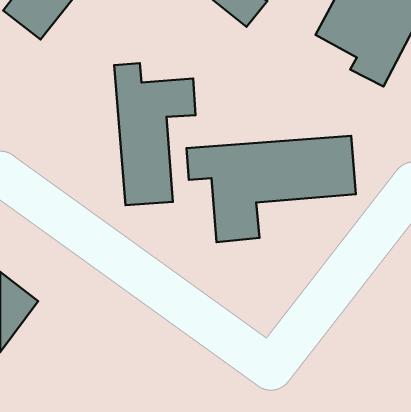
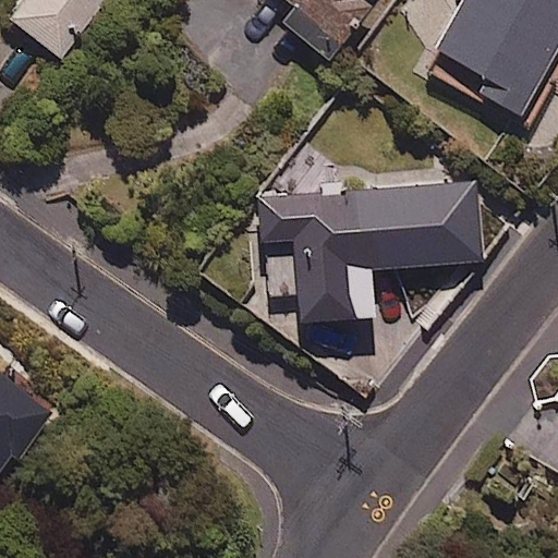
building: [114,63,195,205] -> none

